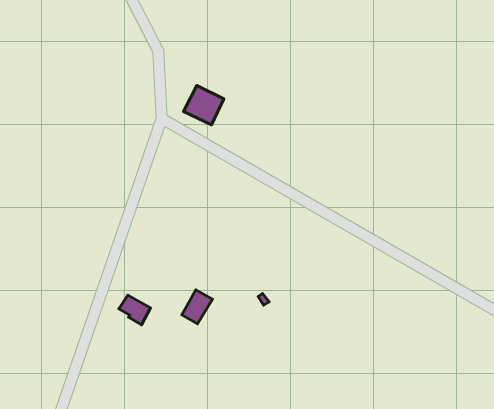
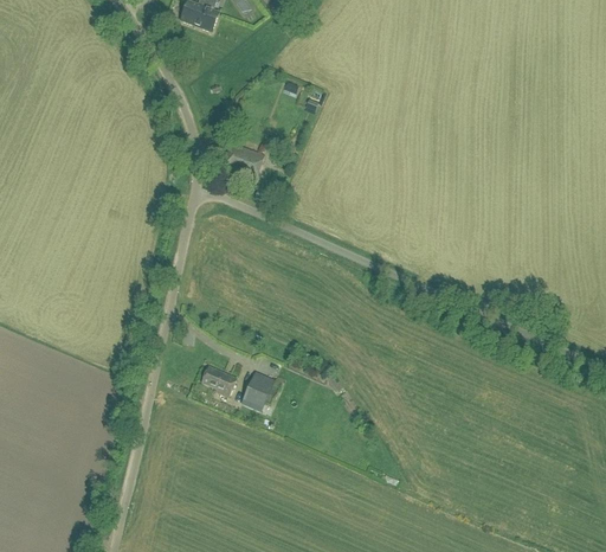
building: [119,295,150,325] -> [201,364,237,396]

